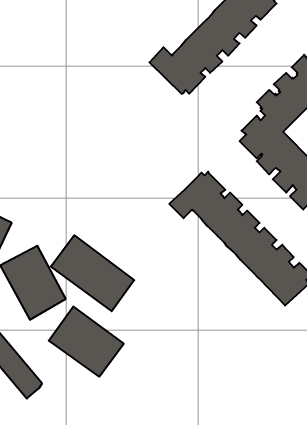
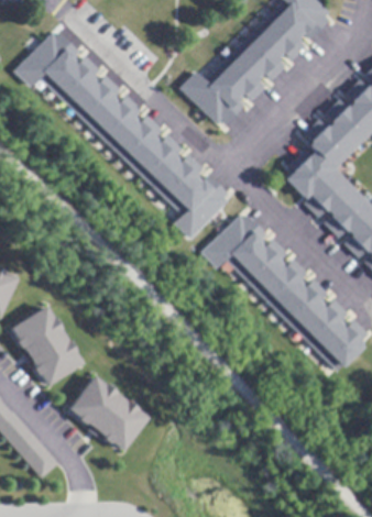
building: none -> [19,33,229,240]
building: [51,235,134,311] -> none

